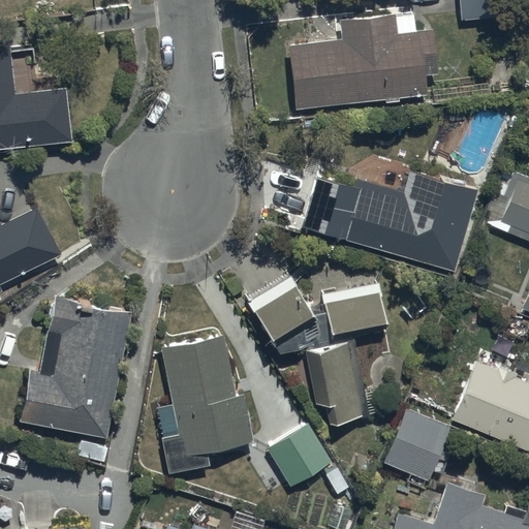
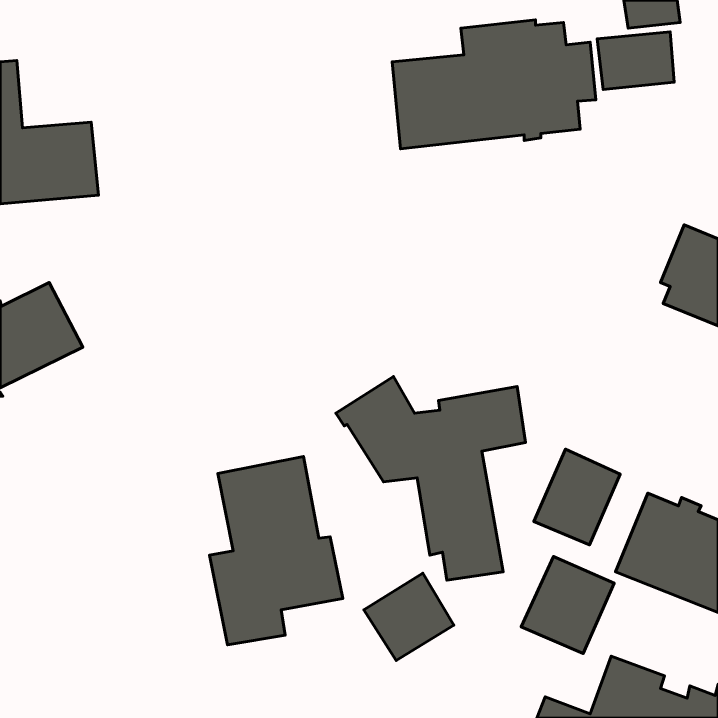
building: none -> [597,32,674,89]
building: [302,172,478,272] -> none
building: [20,297,131,438] -> none
building: none -> [534,449,620,545]

